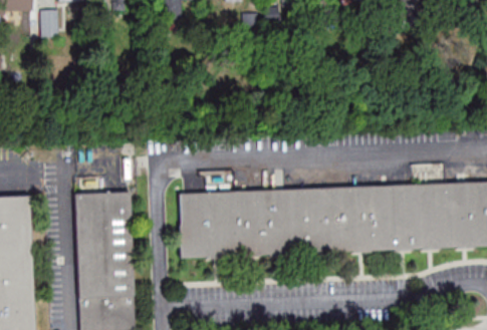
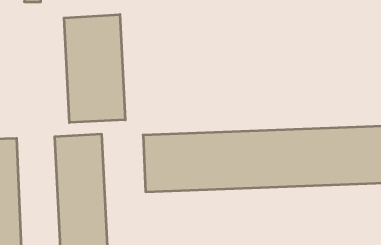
building: none -> [64,14,125,123]

